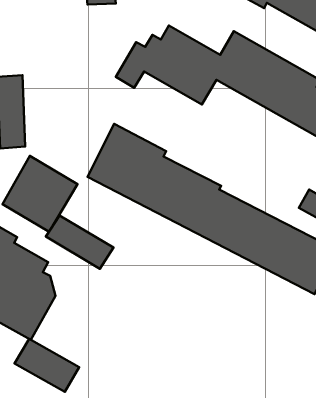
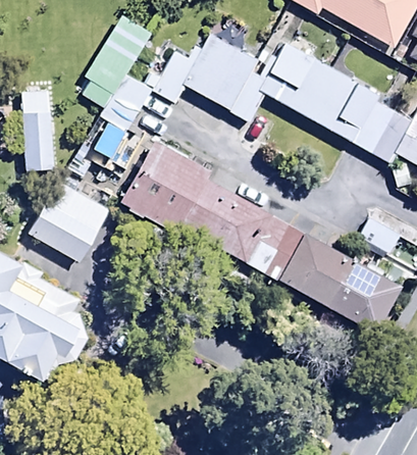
building: none -> [84,18,154,171]
building: [46,215,113,269] -> none
building: [15,339,79,392] -> none

